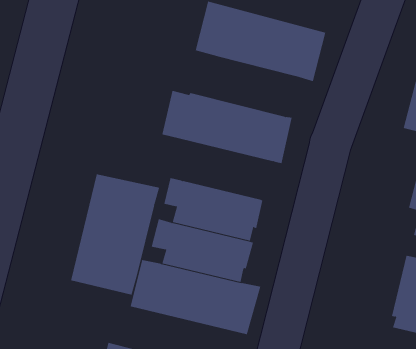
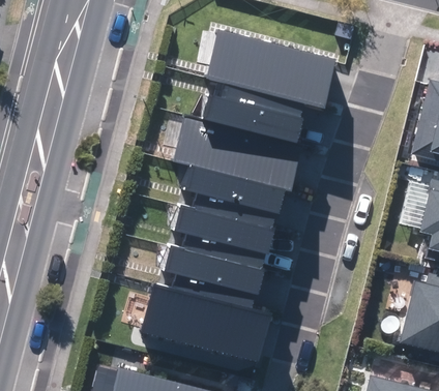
building: none -> [201,84,305,143]
building: none -> [183,164,284,224]
building: [71,174,160,295] -> none

